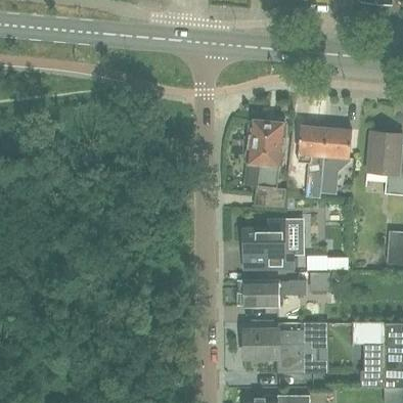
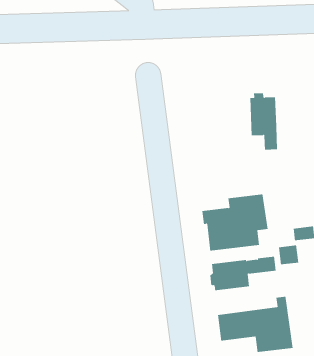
building: [244,118,284,187] -> none
building: [319,123,351,193] -> none

